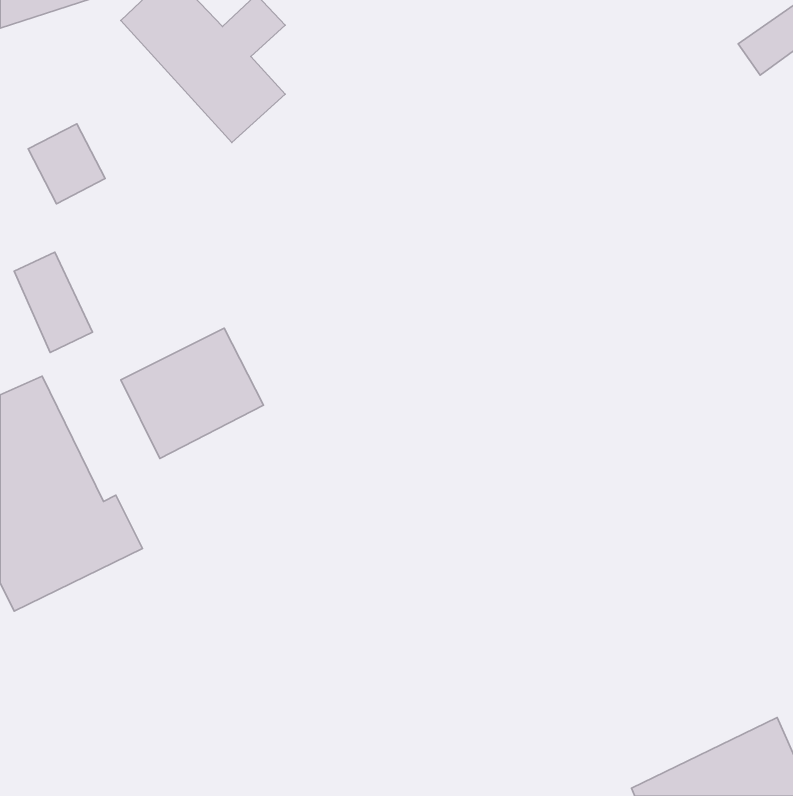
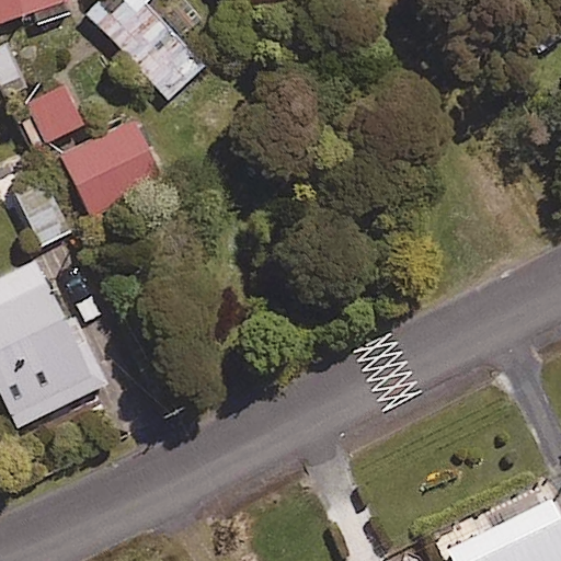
building: [121,328,263,458] -> [61,121,161,211]

